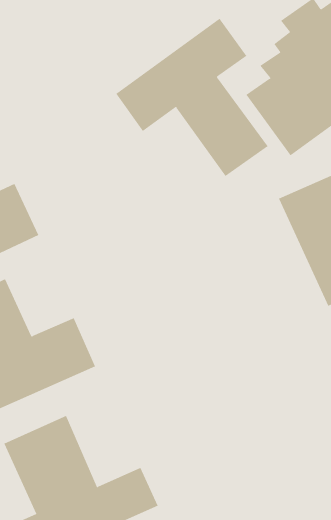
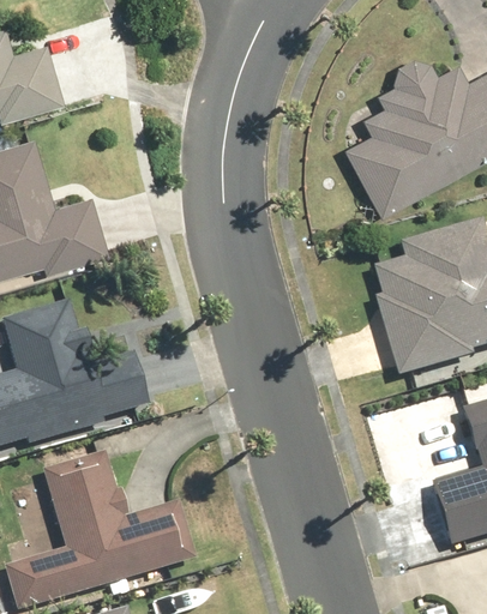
building: [115,18,269,177] -> none

